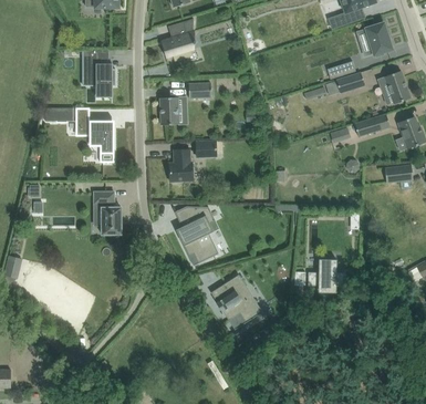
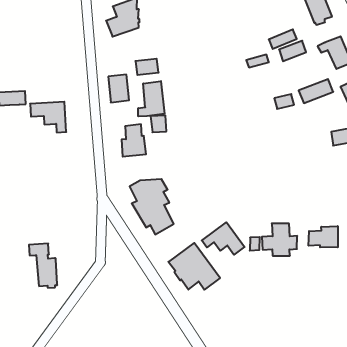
building: [82,48,115,96] -> none
building: none -> [138,81,164,116]
building: [94,190,121,236] -> [29,244,57,288]
building: none -> [202,222,245,255]
building: none -> [309,226,338,247]

